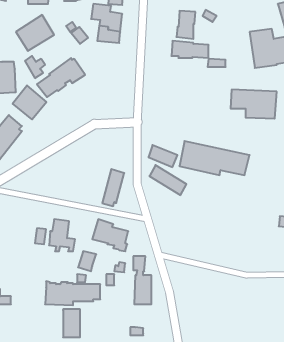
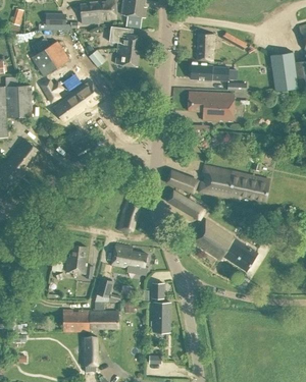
building: [13,85,46,119] -> none
building: [231,90,277,119] -> [188,92,235,121]
building: none -> [192,220,258,272]

